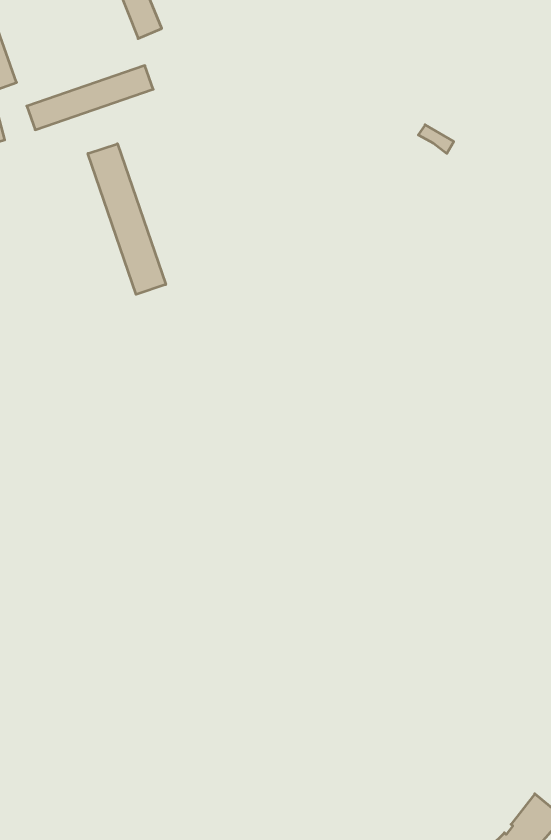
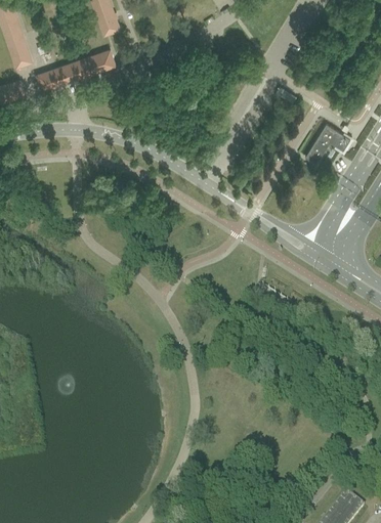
building: [88,144,166,294] -> none
building: none -> [304,123,349,163]

